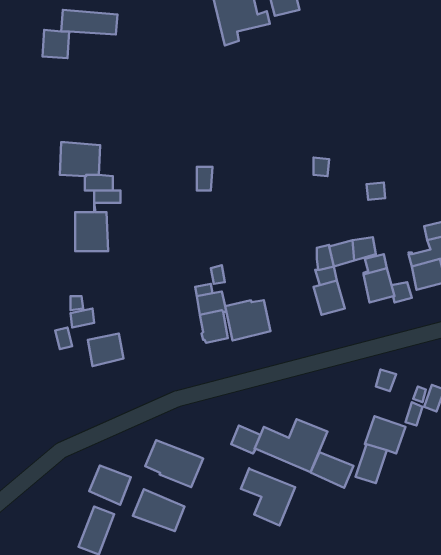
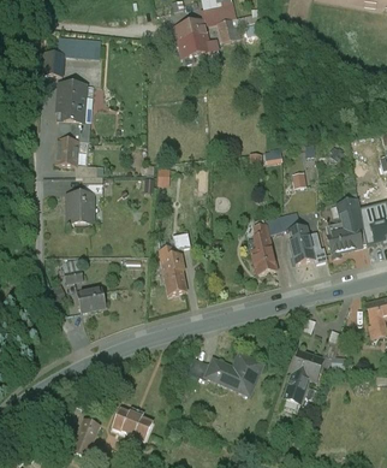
building: none -> [56,82,91,141]
building: [225,300,270,340] -> none
building: [145,440,203,487] -> none
building: [310,452,353,488] -> none
building: [89,466,131,505] -> none
building: [241,468,295,525] -> none

